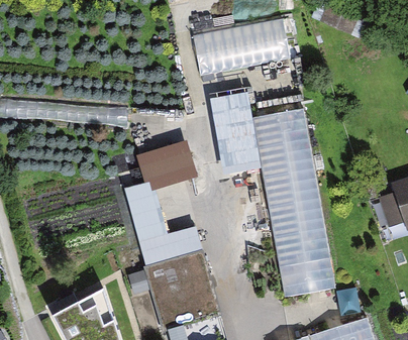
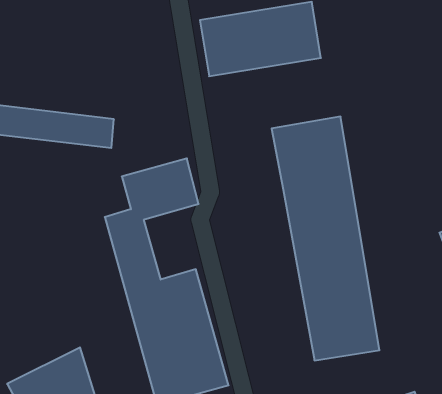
building: [210,89,261,169] -> none

